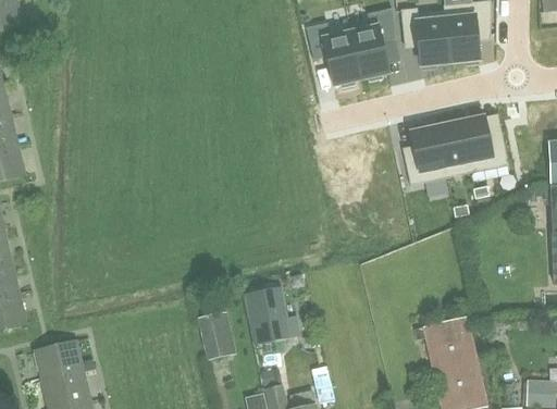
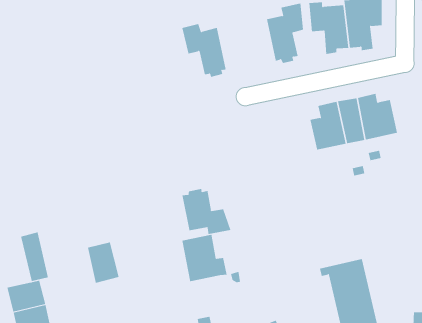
building: [306,23,360,88] -> [182,23,227,78]
building: none -> [182,188,231,235]
building: none -> [20,232,48,282]
building: [197,310,236,360] -> [87,242,120,283]

